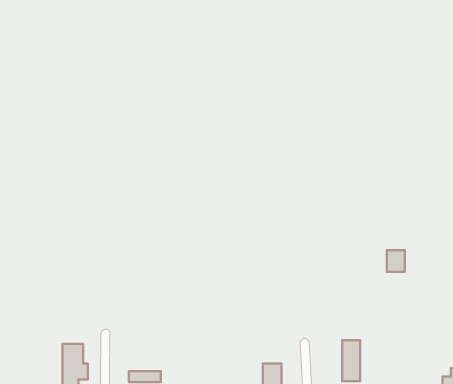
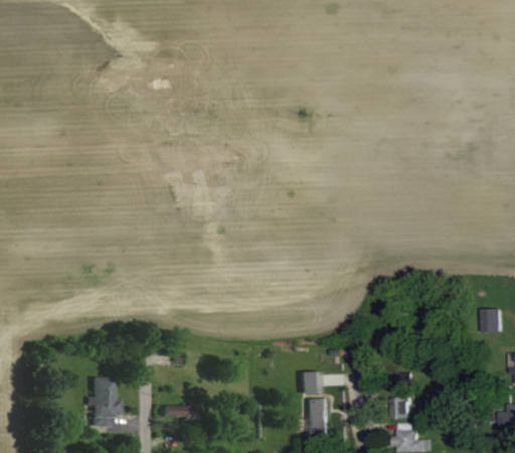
building: [387,250,405,272] -> [481,308,500,331]
building: none -> [300,372,319,394]

